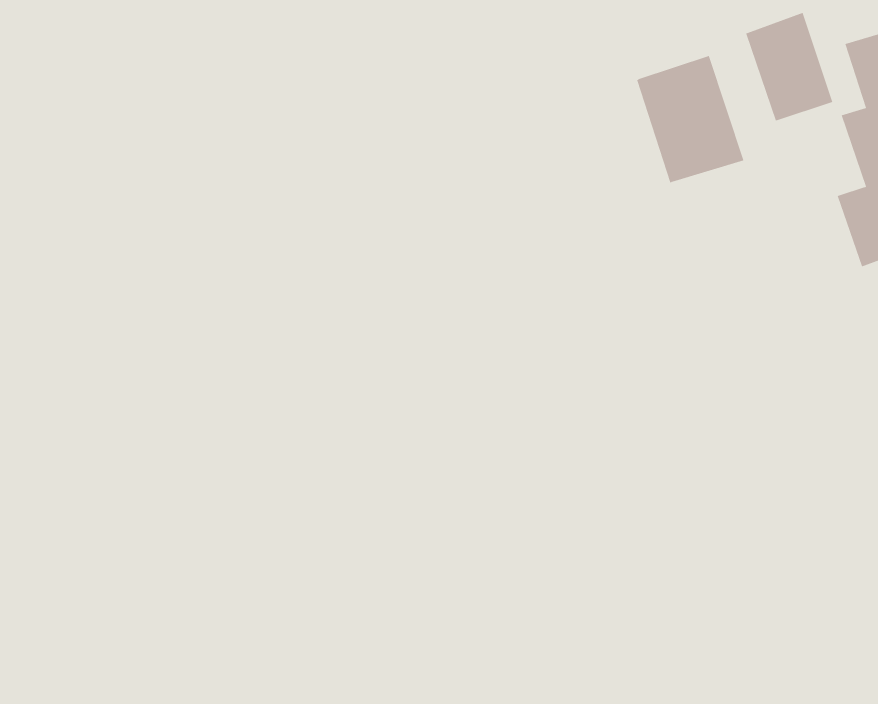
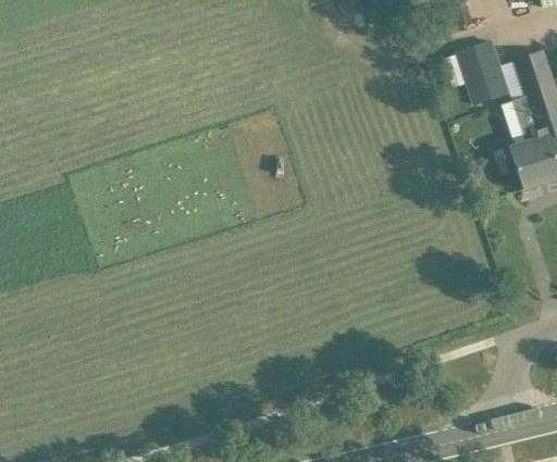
building: [636,55,744,184] -> none

